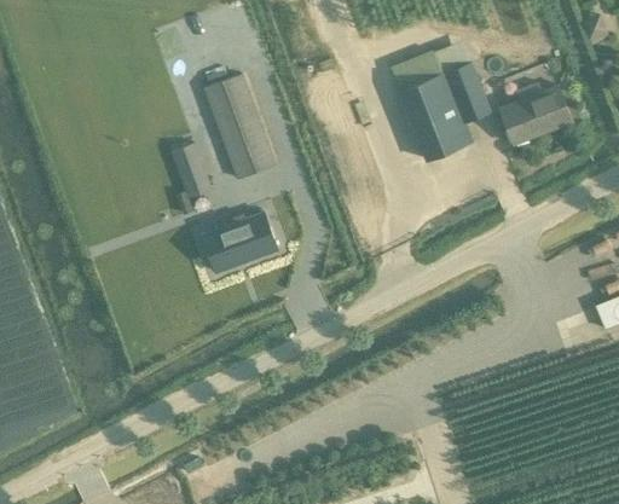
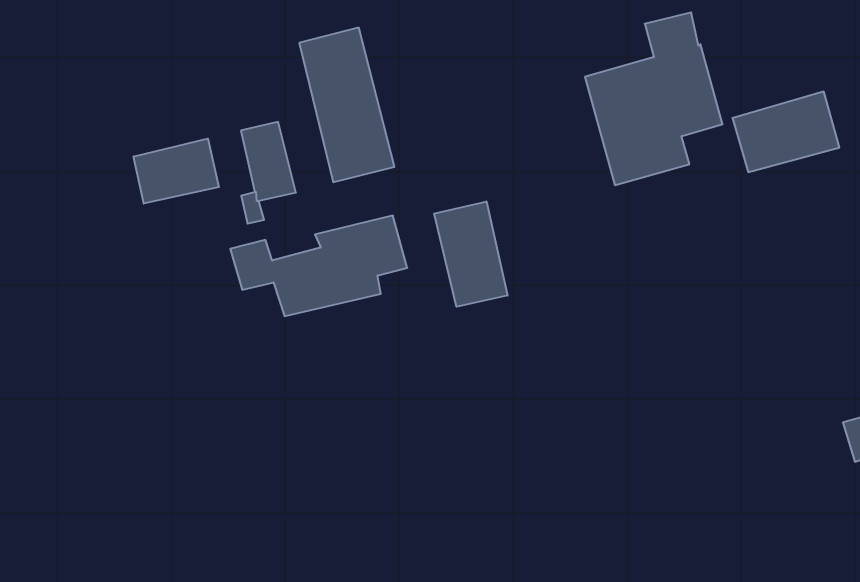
building: none -> [134,139,219,204]
building: none -> [434,201,508,307]

